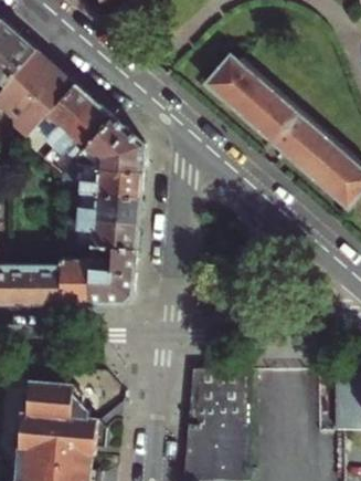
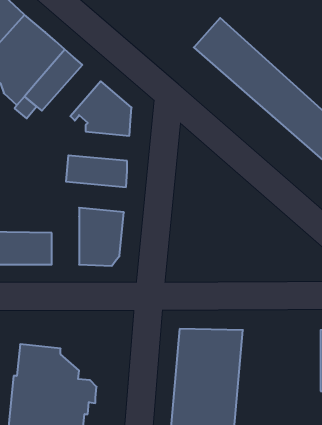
building: [51,101,110,164] -> none
building: [77,168,139,198] -> none
building: [73,219,136,250] -> none
building: [60,254,88,303] -> none

